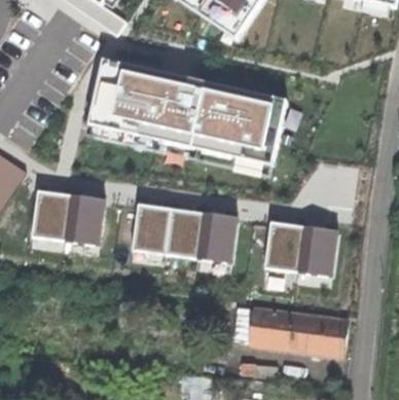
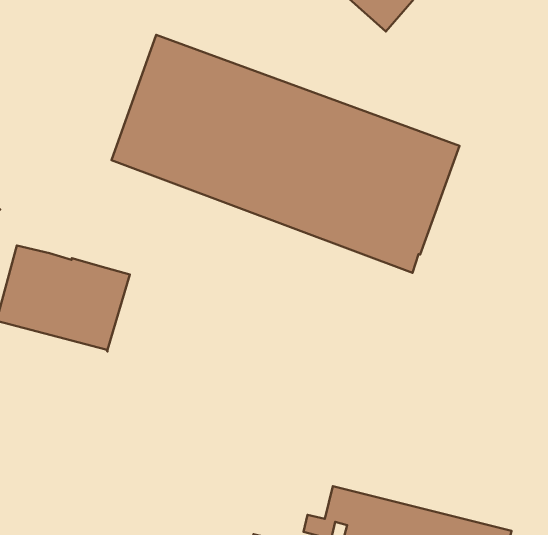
building: [131,205,235,263] -> none
building: [263,222,336,277] -> none

